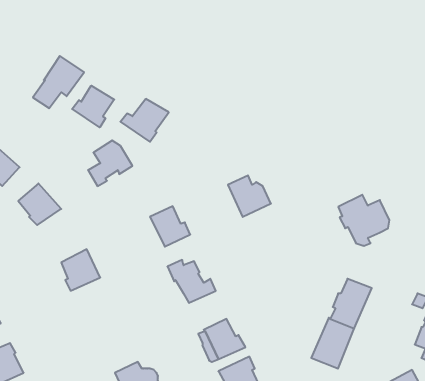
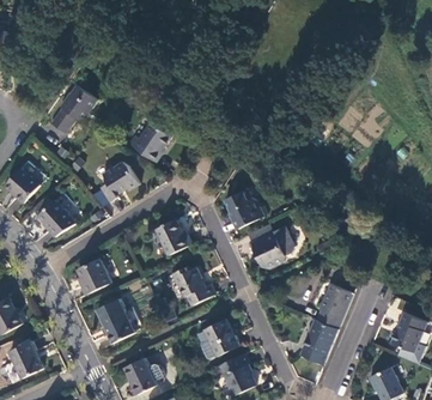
building: [72,86,114,127] -> none
building: [338,195,389,246] -> [247,223,292,268]
building: none -> [95,298,140,343]

